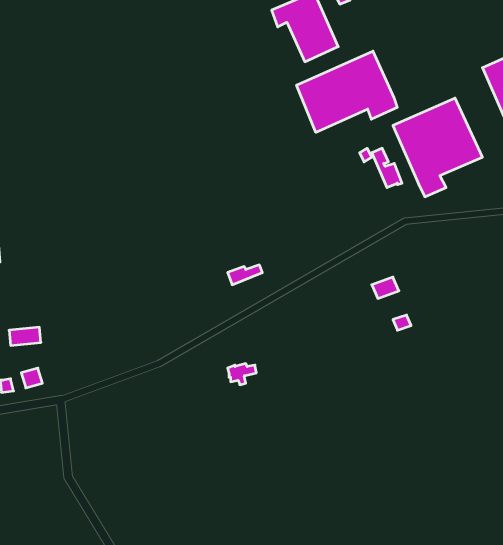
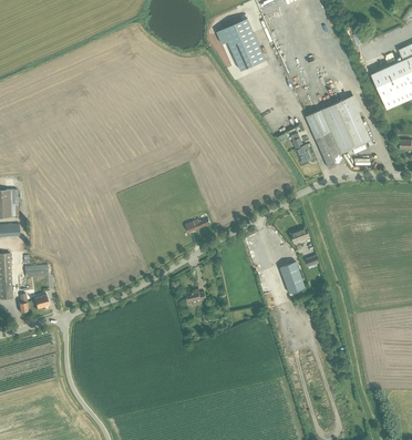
building: [297,51,397,132] -> none
building: none -> [280,260,306,294]

